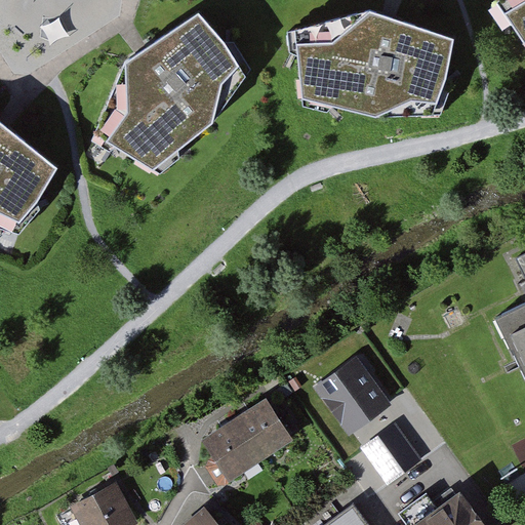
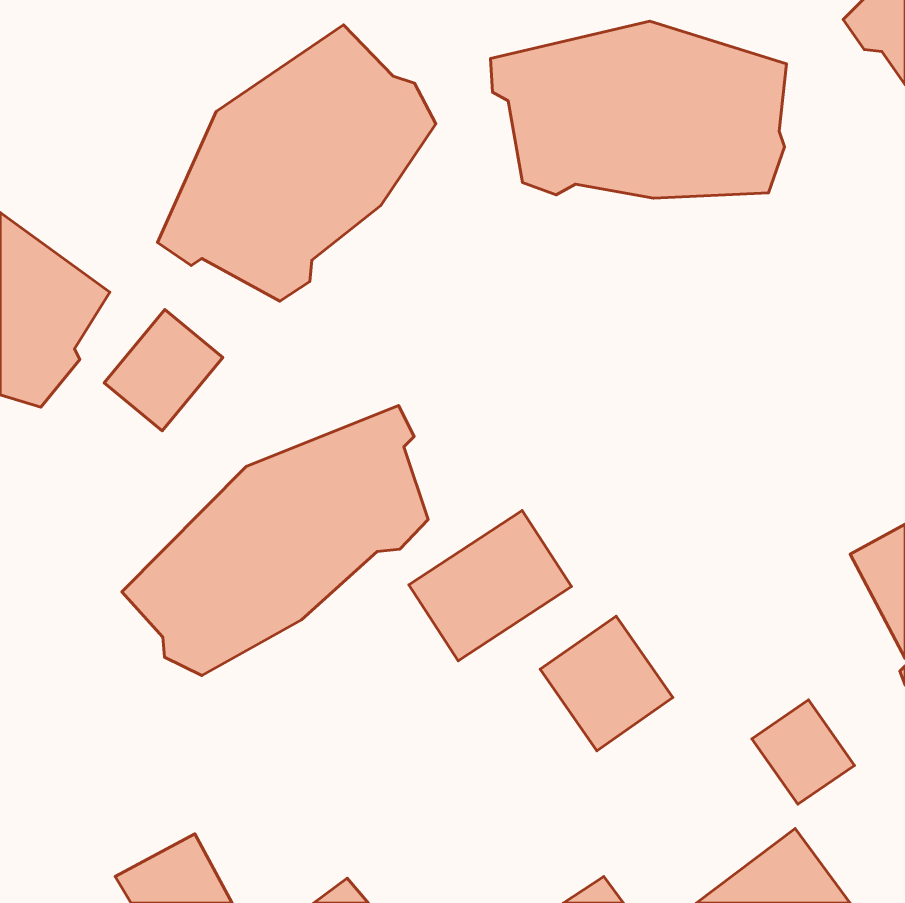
building: none -> [104,309,223,431]
building: none -> [122,405,428,676]
building: [197,399,291,486] -> [409,510,572,661]
building: [363,425,422,485] -> [752,700,854,804]

